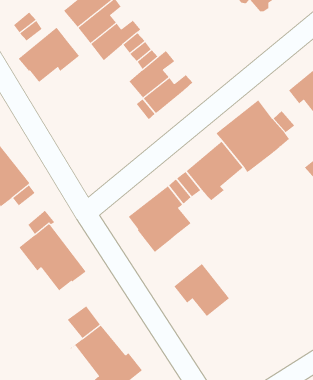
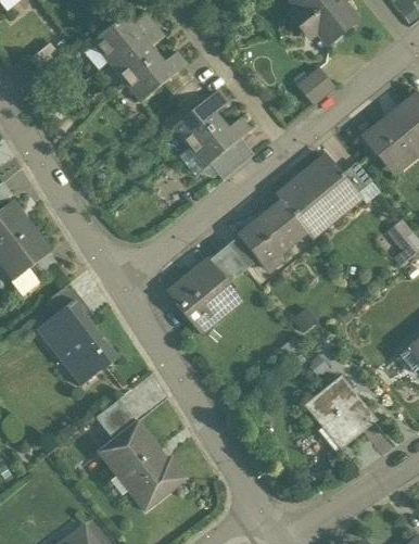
building: [18,27,80,83] -> none
building: none -> [296,67,334,104]
building: none -> [206,137,252,180]
building: [173,263,230,317] -> [306,377,374,442]

